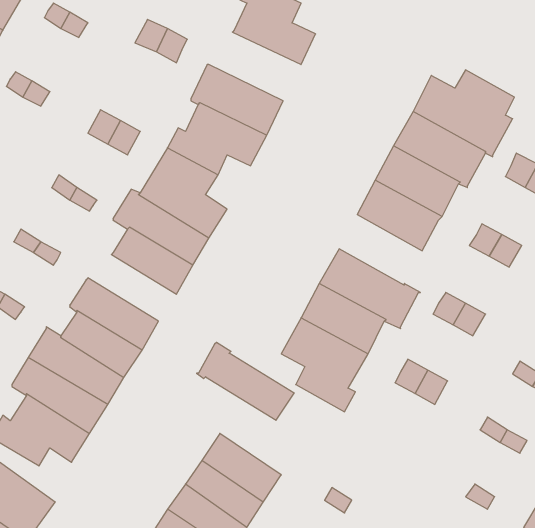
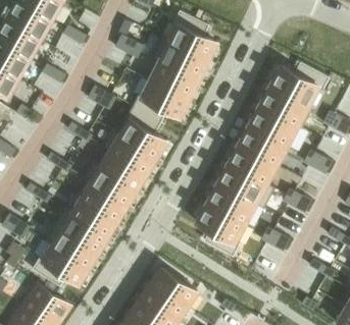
building: none -> [150,35,207,78]
building: none -> [229,143,276,182]
building: [197,342,294,420] -> [82,159,137,203]

